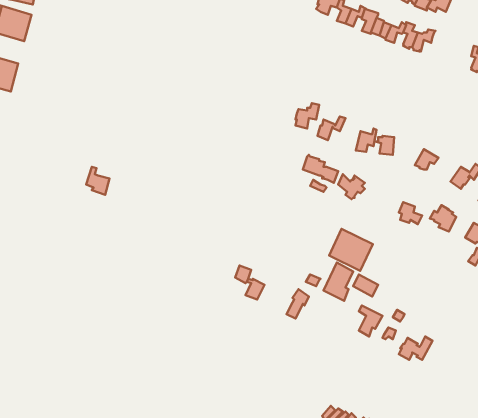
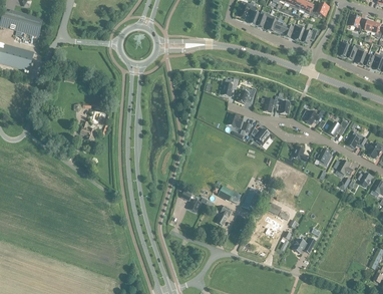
building: [329,229,373,271] -> none

